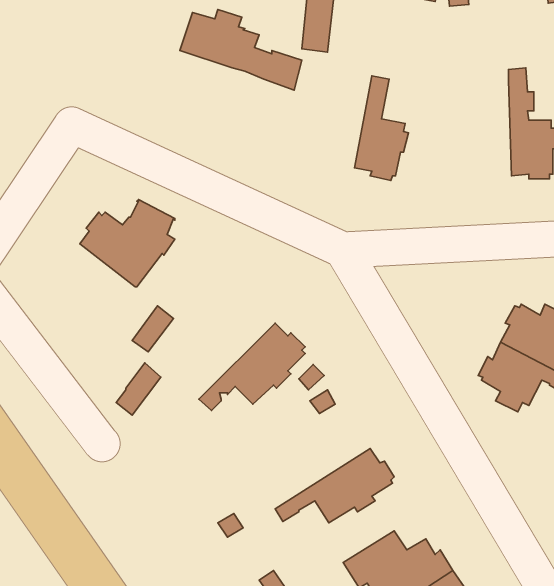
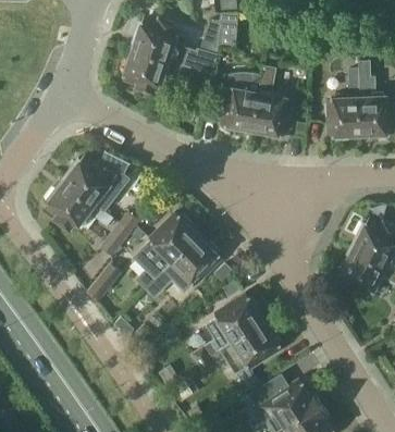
building: none -> [124,47,190,92]
building: none -> [224,63,264,128]
building: none -> [328,67,360,137]
building: none -> [47,180,113,229]
building: none -> [135,213,198,286]
building: none -> [193,295,263,361]

